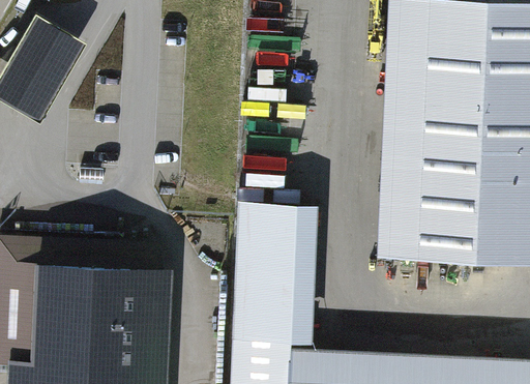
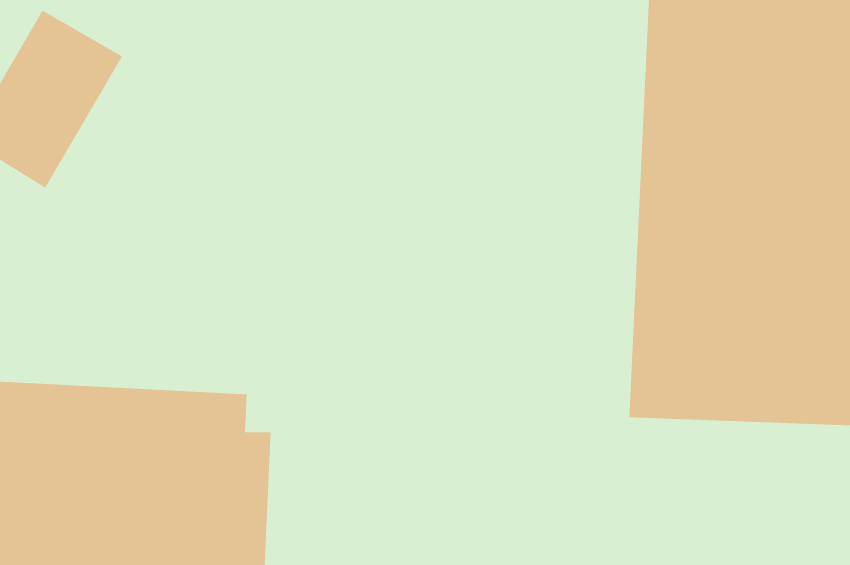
building: [232,201,317,343] -> none

